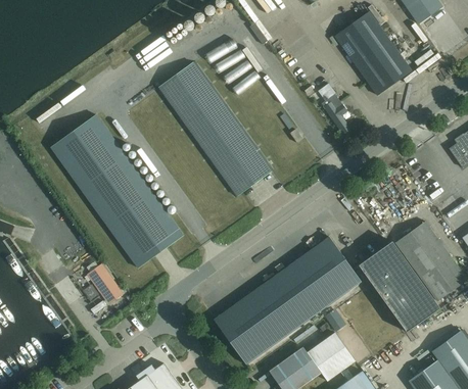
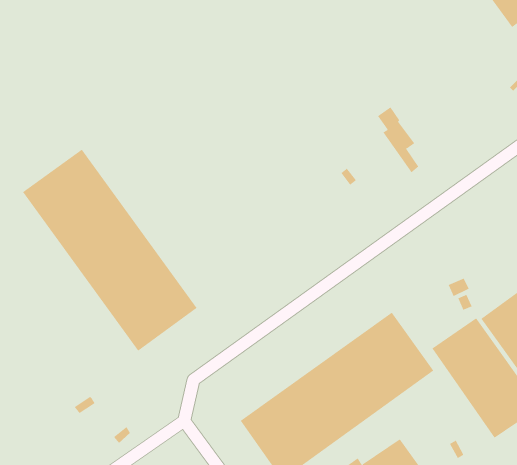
building: [335,12,411,95] -> none
building: [156,61,273,197] -> none
building: [88,266,121,303] -> none

